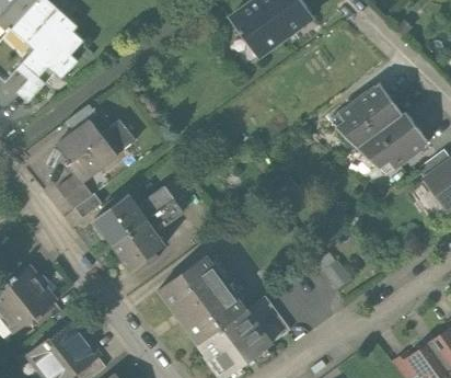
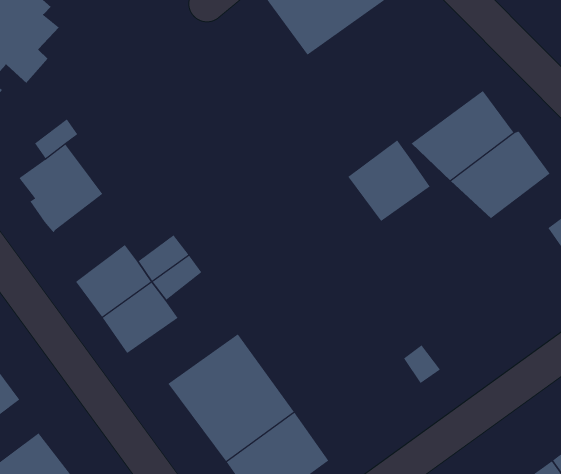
building: [97,118,135,157] -> none
building: none -> [347,140,431,222]
building: [56,176,100,218] -> none
building: [247,297,289,343] -> none

